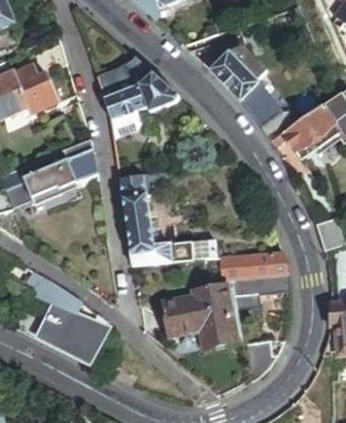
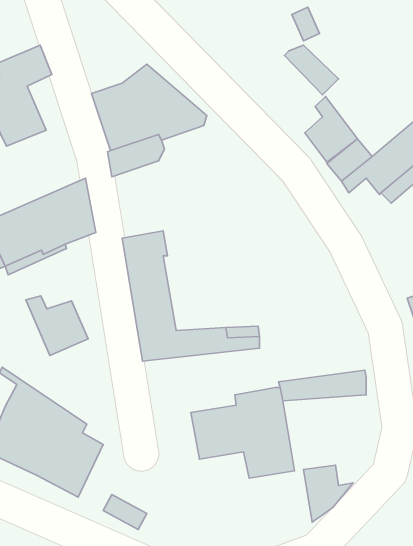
building: [209,51,260,106] -> none
building: none -> [26,296,88,355]
building: [221,251,287,282] -> none

